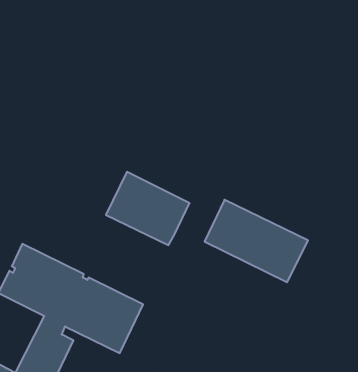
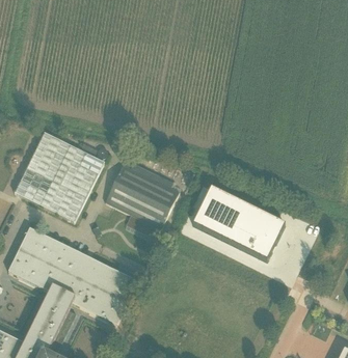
building: none -> [15,131,105,221]

